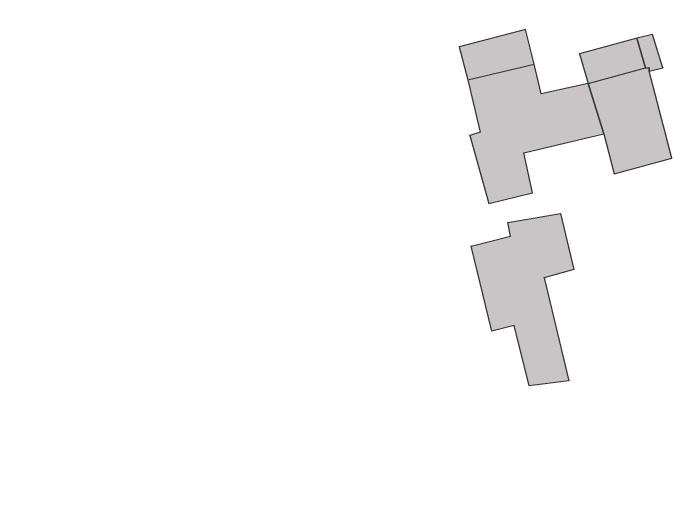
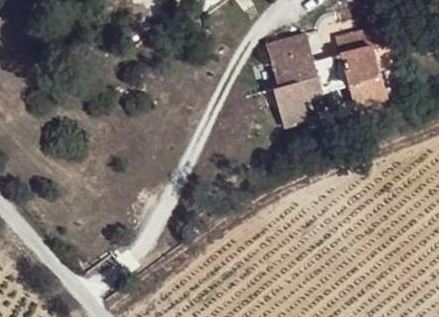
building: [471,214,574,386] -> none

